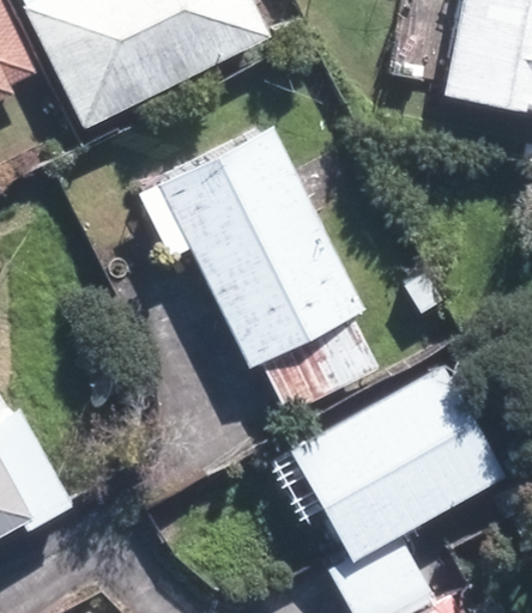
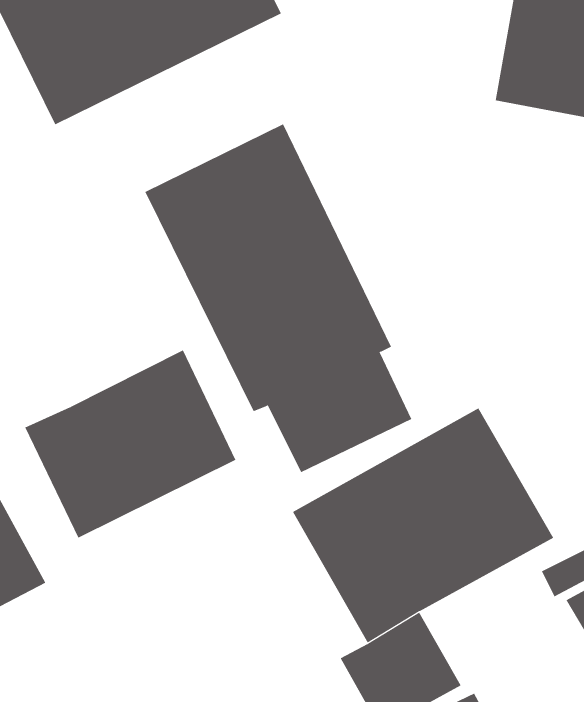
building: none -> [24,349,236,539]

